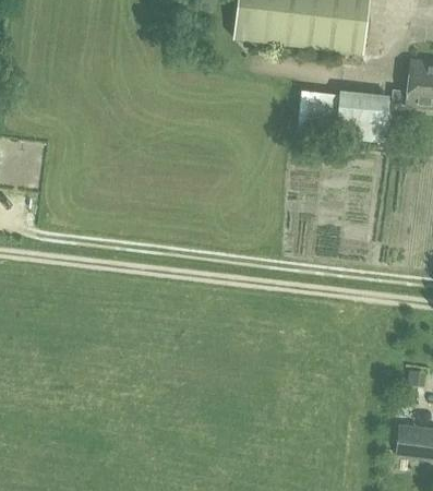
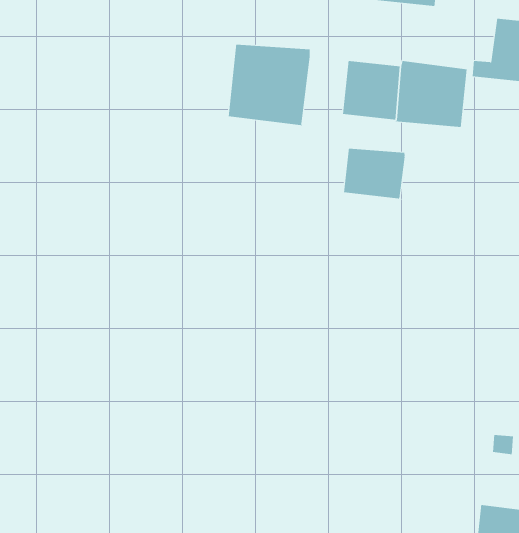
building: none -> [228,44,310,126]
building: none -> [344,148,405,200]

